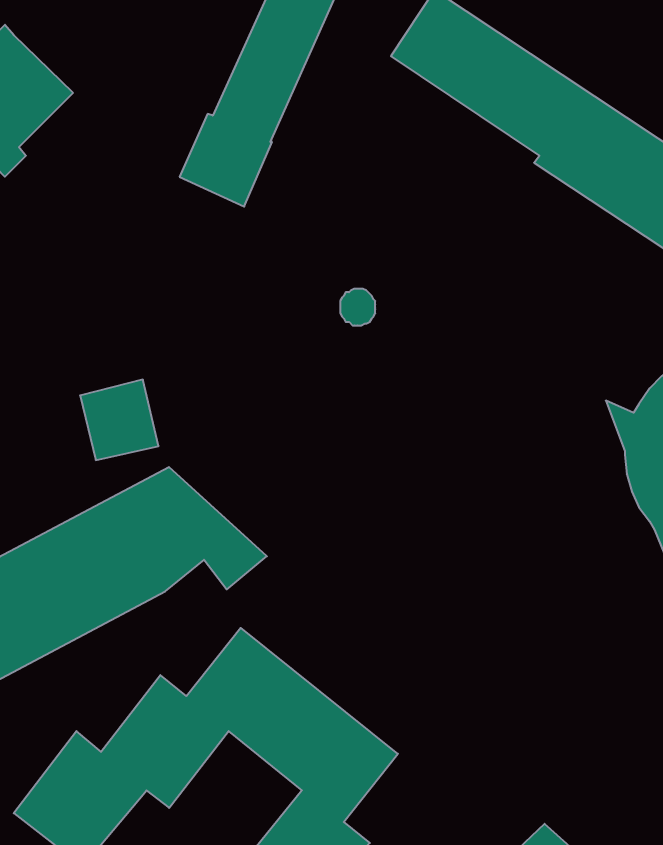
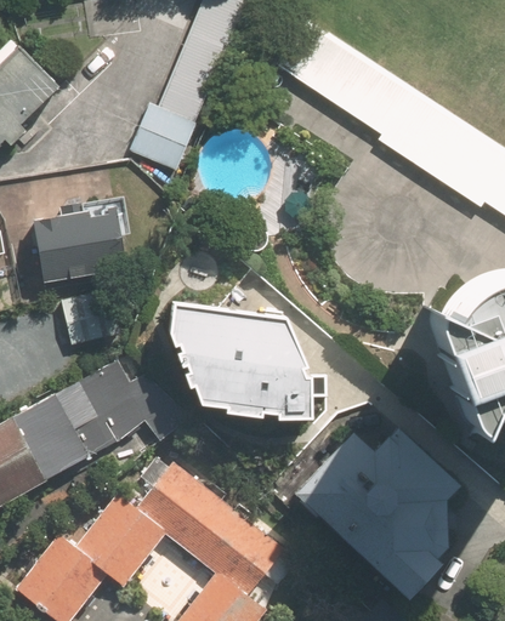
building: none -> [33,200,129,285]
building: none -> [169,301,327,421]
building: none -> [297,433,459,603]

